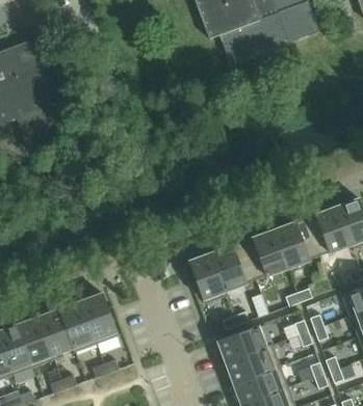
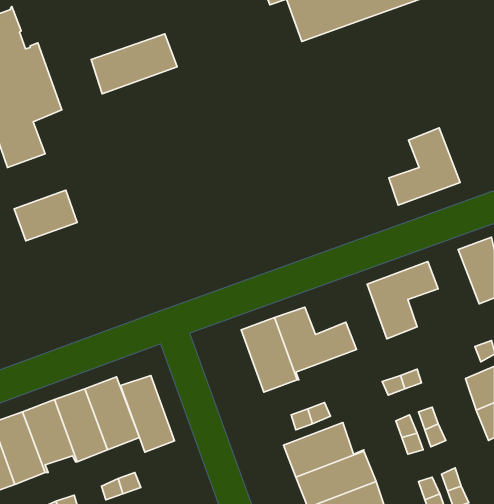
building: none -> [91,34,177,94]
building: none -> [14,190,77,241]
building: [303,207,352,260] -> [389,128,460,205]
building: [232,231,288,275] -> none
building: none -> [120,375,174,452]

